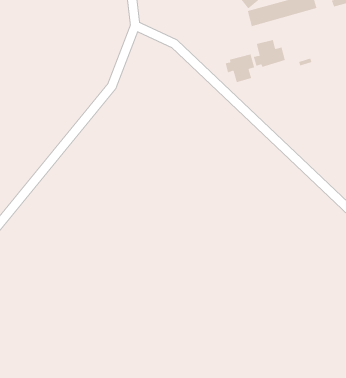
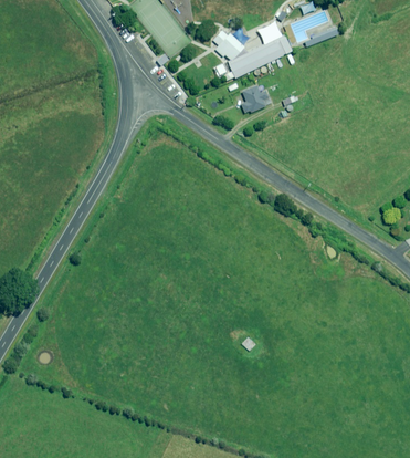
building: [225,53,255,83] -> none

